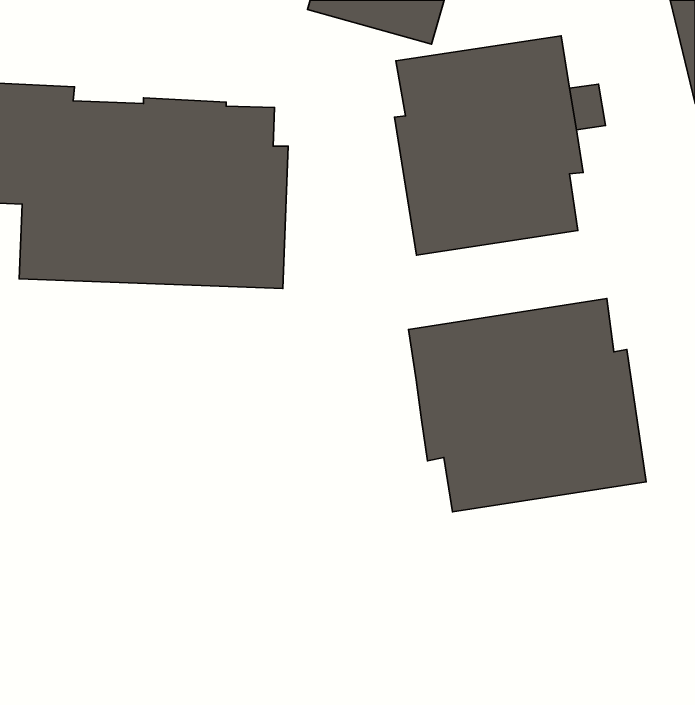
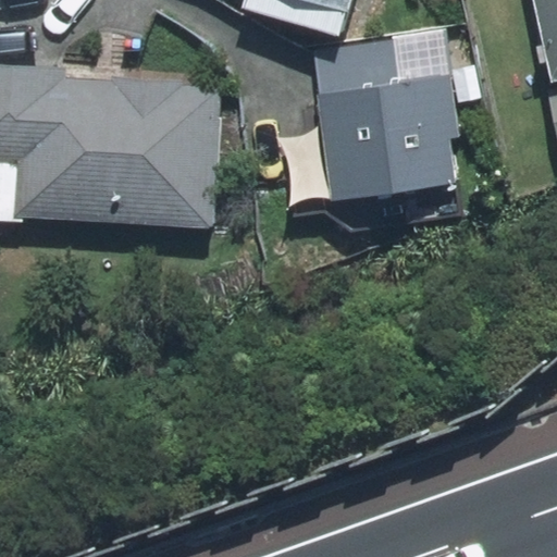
building: [409,298,646,512] -> none

